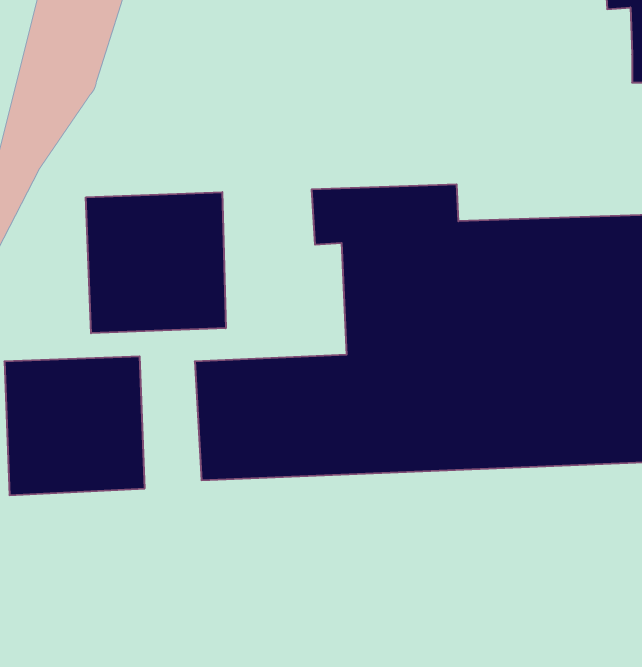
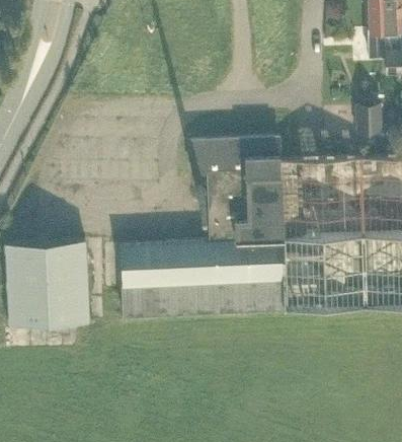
building: none -> [355,104,381,134]
building: [86,192,226,333] -> none

